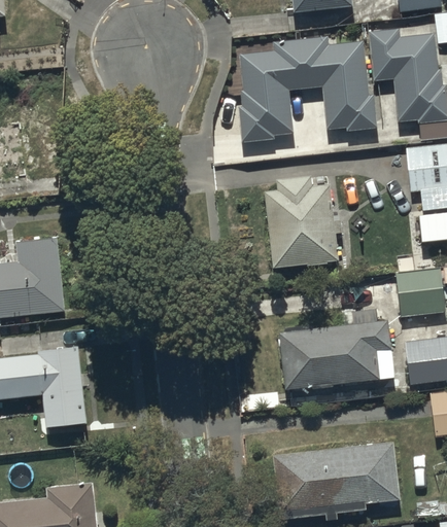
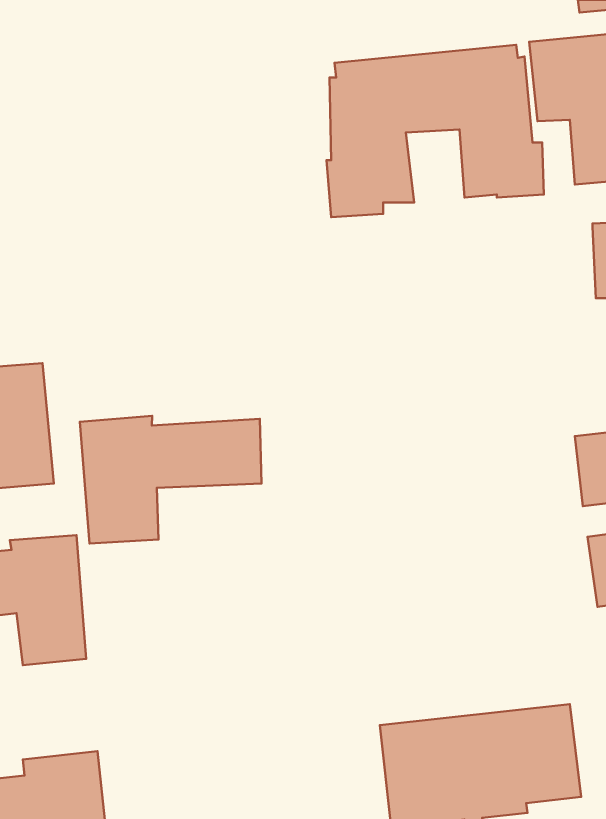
building: [264,174,337,266] -> none
building: none -> [80,416,262,543]
building: [278,328,394,397] -> none

